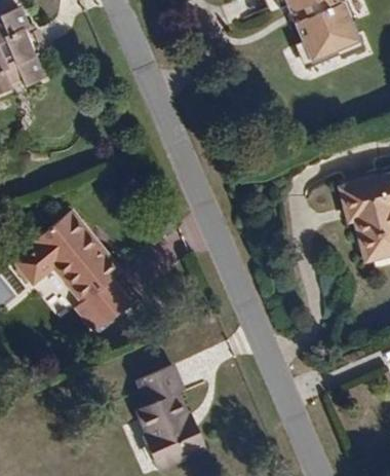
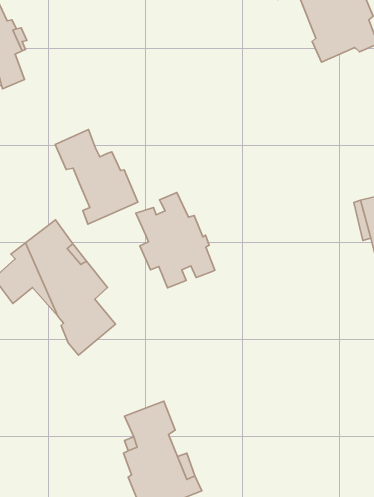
building: none -> [55,130,138,224]
building: none -> [136,193,215,288]

